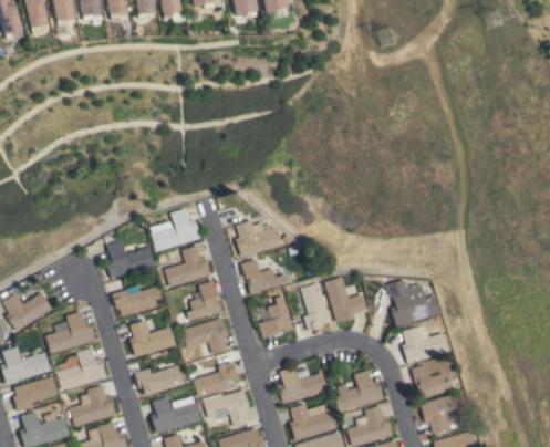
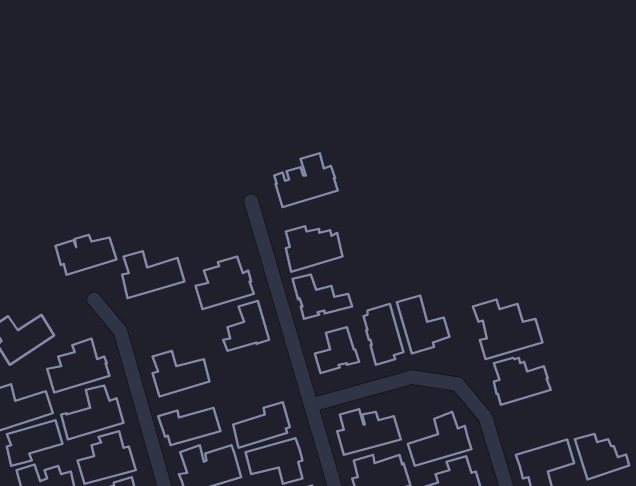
building: [149,209,200,252] -> [274,153,338,207]
building: [112,285,160,318] -> [55,235,116,275]
building: [181,318,229,355] -> none
building: [411,364,454,401] -> [575,434,629,479]

